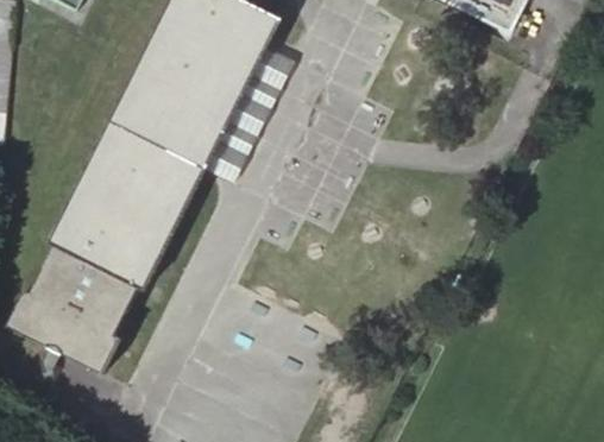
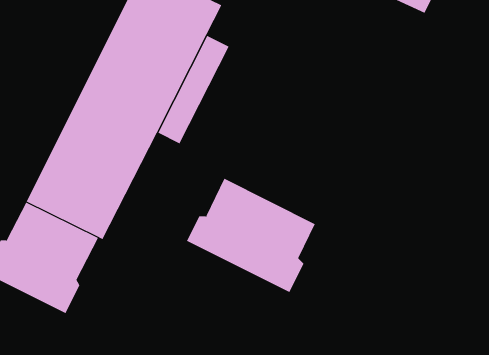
building: none -> [186,178,316,293]

